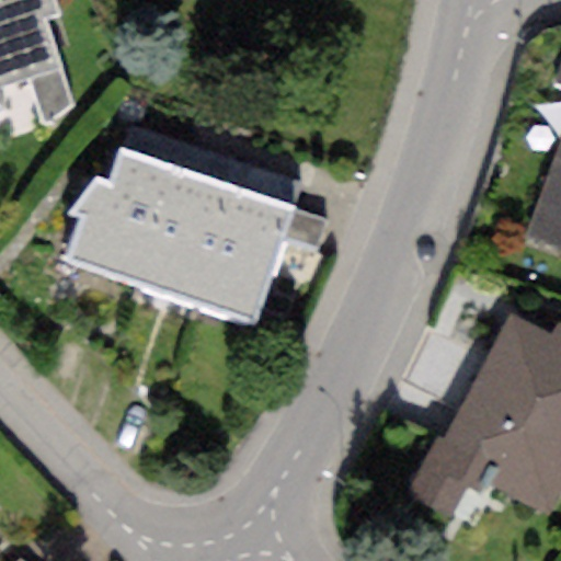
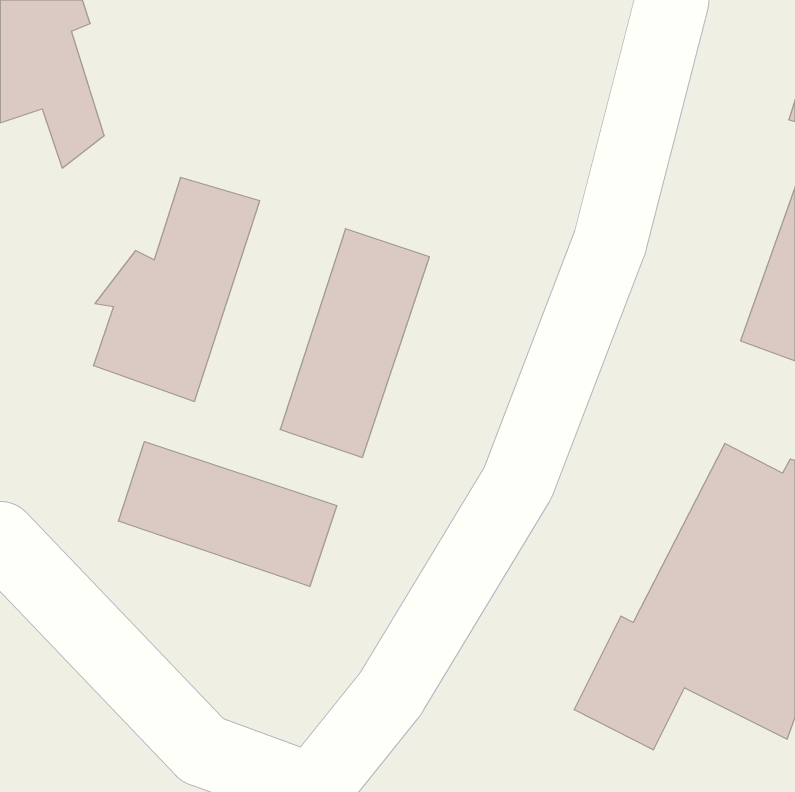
building: [137,144,243,305] -> none
building: none -> [118,442,337,587]

